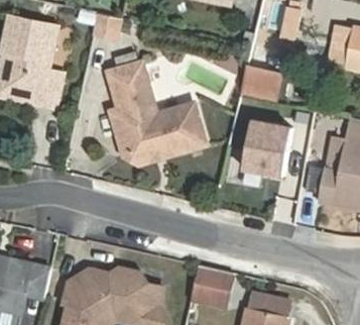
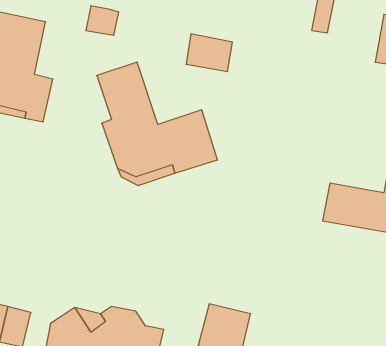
building: [241,65,279,96] -> [186,34,232,72]
building: [247,114,292,173] -> none

